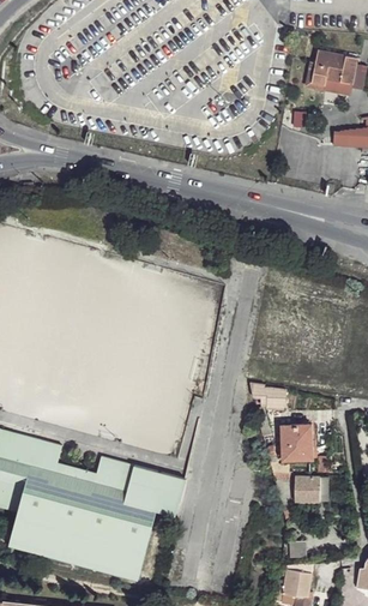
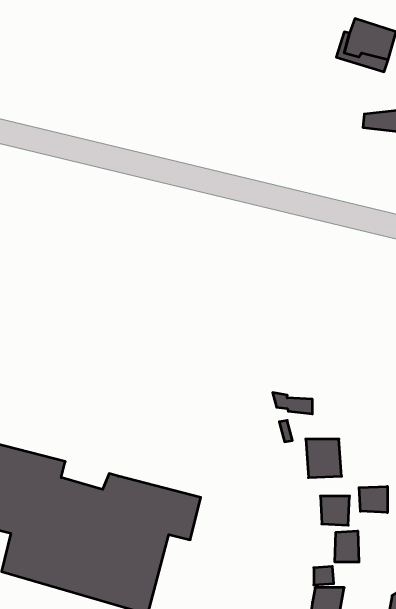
building: none -> [359,486,387,513]
building: none -> [335,531,359,562]

